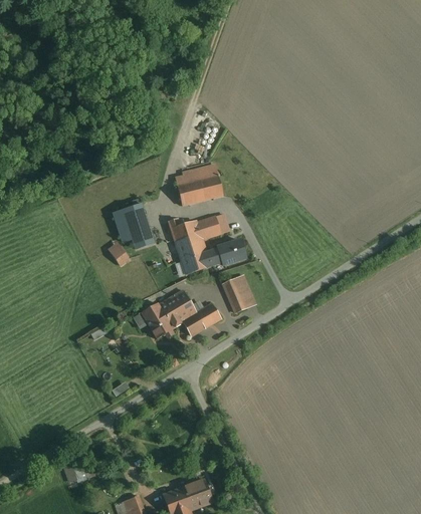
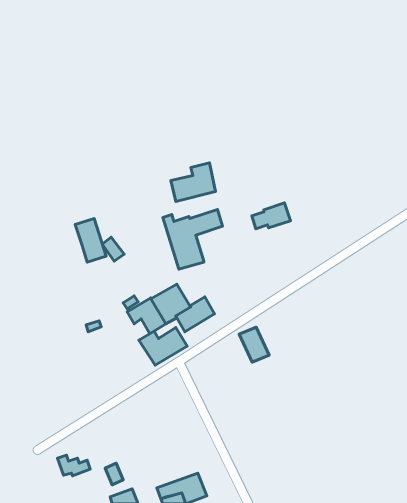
building: [123,204,154,248] -> [75,218,106,262]
building: [206,240,245,266] -> [252,203,291,229]
building: [223,277,253,312] -> [239,327,269,362]
building: none -> [139,327,187,365]

